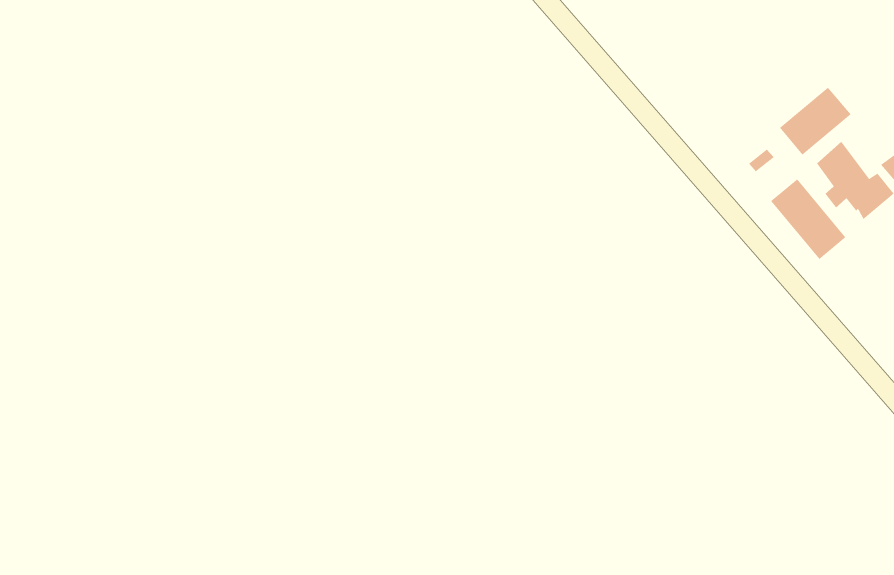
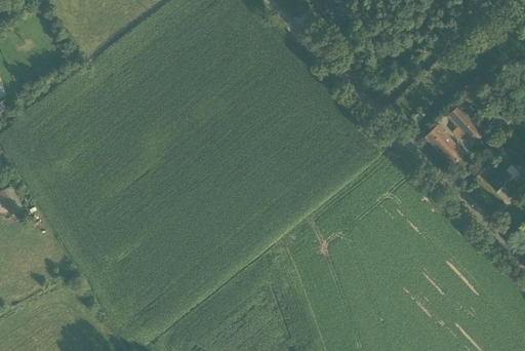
building: [779,87,851,155] -> none

